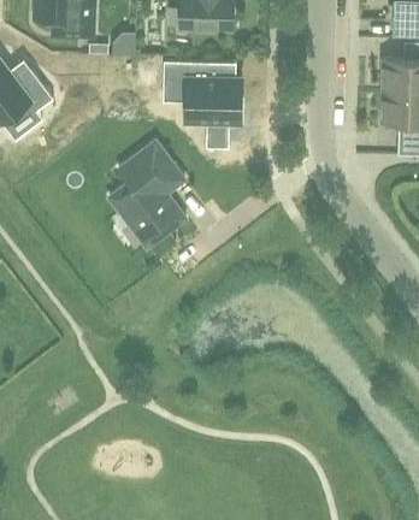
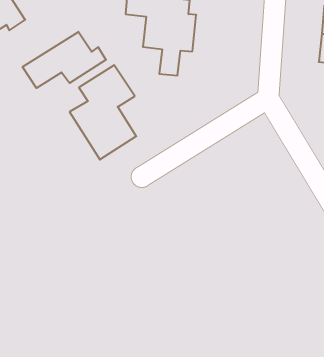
building: none -> [23,32,106,88]

